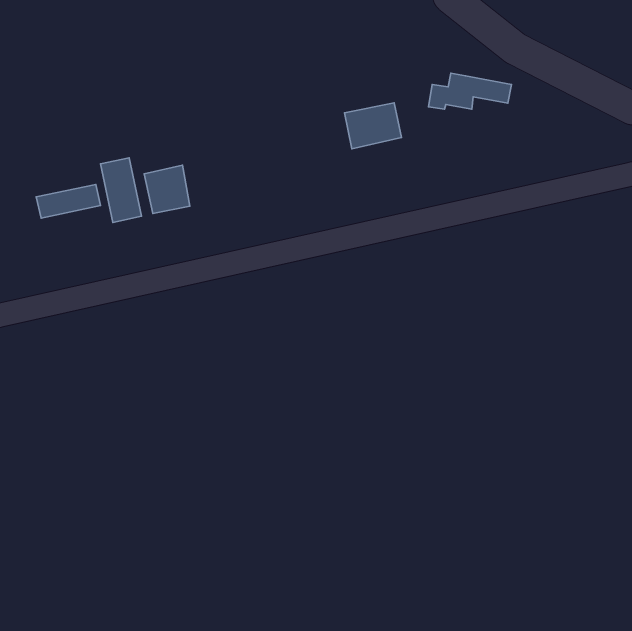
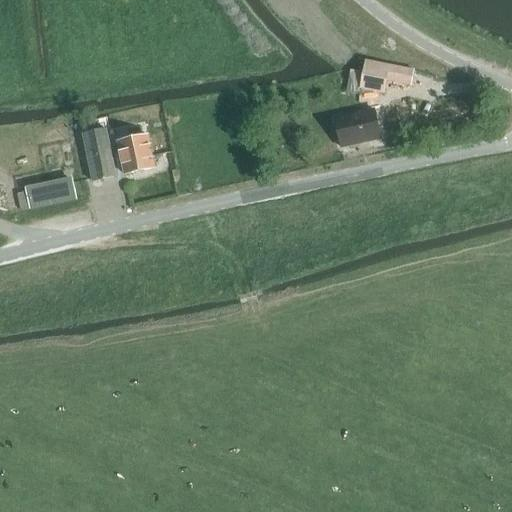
building: [344,103,402,149] -> [333,108,379,145]
building: [36,185,101,218] -> [24,179,76,206]

